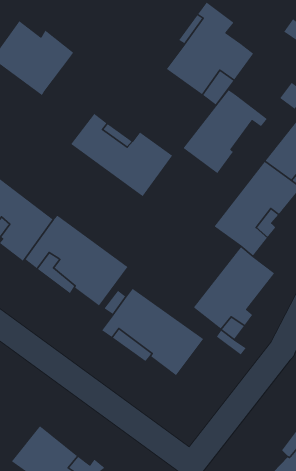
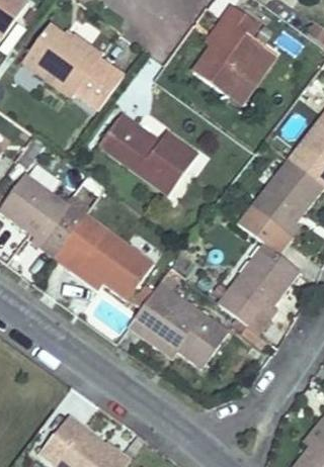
building: none -> [74,59,124,110]
building: [183,89,268,174] -> none

